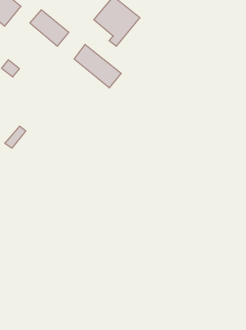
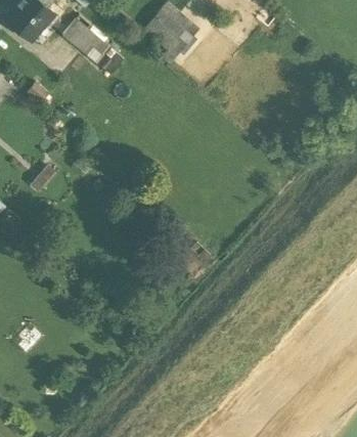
building: [74,44,121,88] -> none

